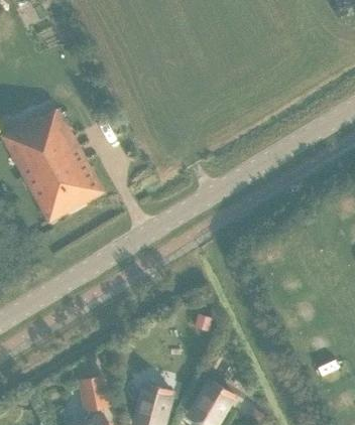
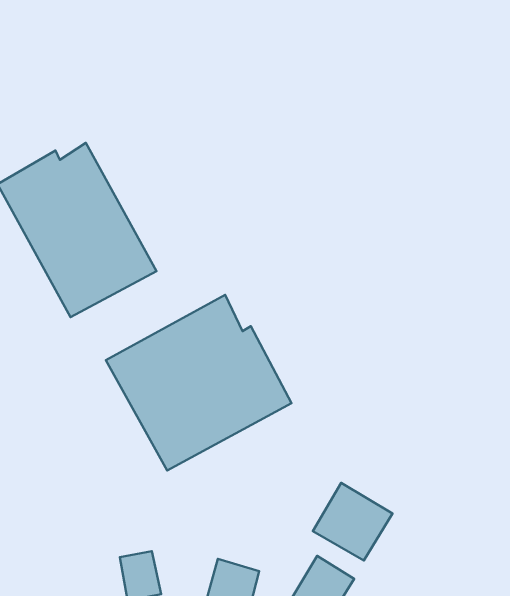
building: none -> [106,295,291,471]
building: none -> [313,483,392,560]

